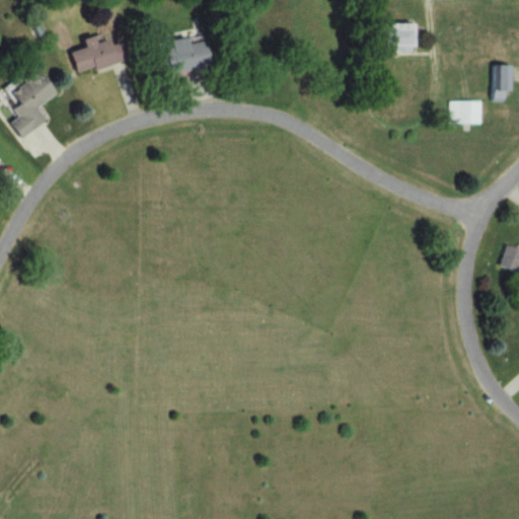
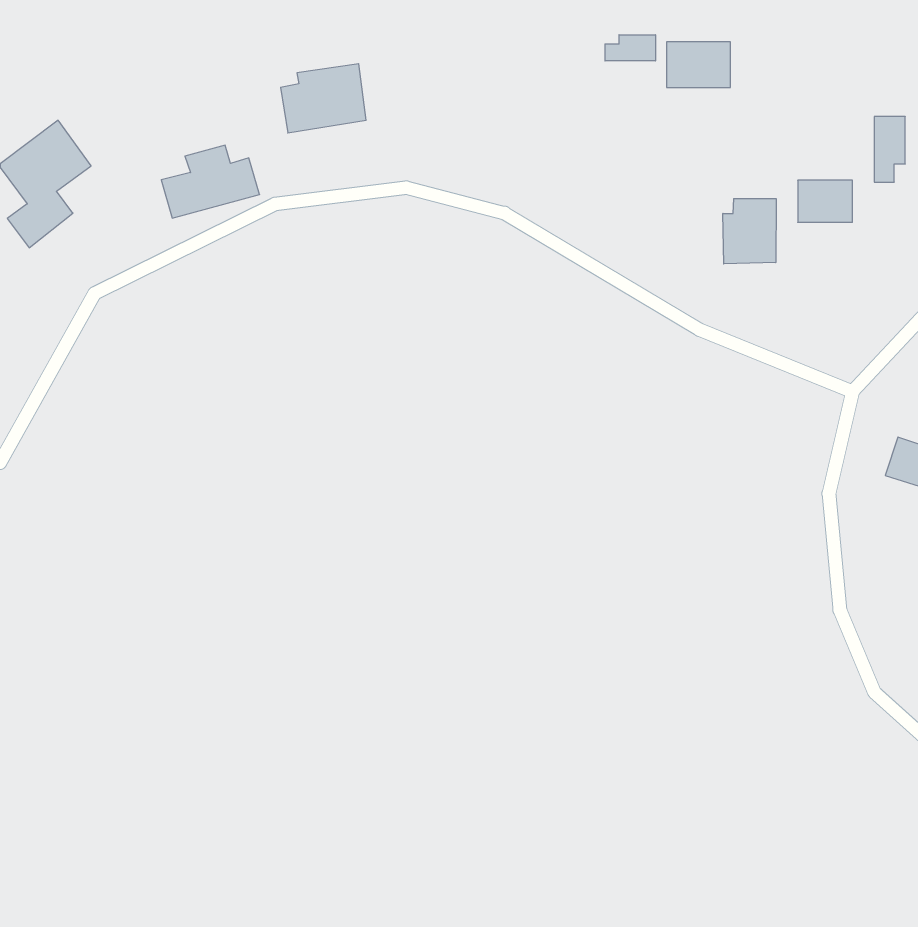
building: none -> [605,35,655,61]
building: [72,32,127,73] -> [161,145,260,218]
building: none -> [723,199,776,264]

